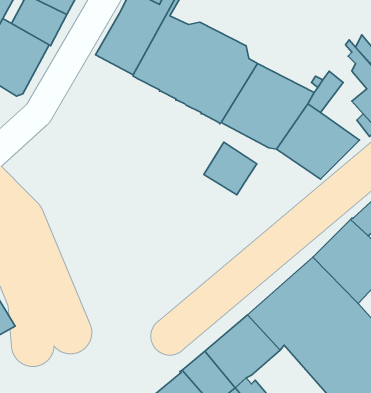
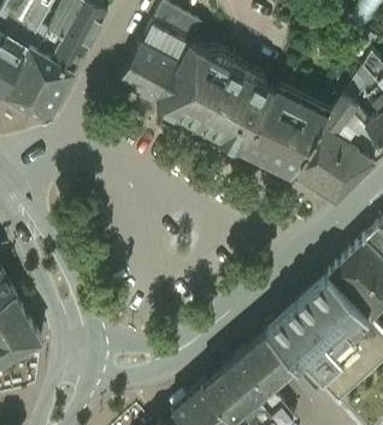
building: [204,142,257,195] -> none

